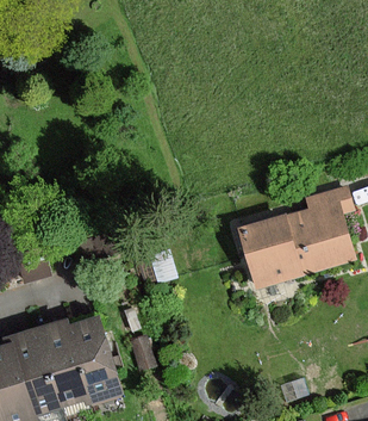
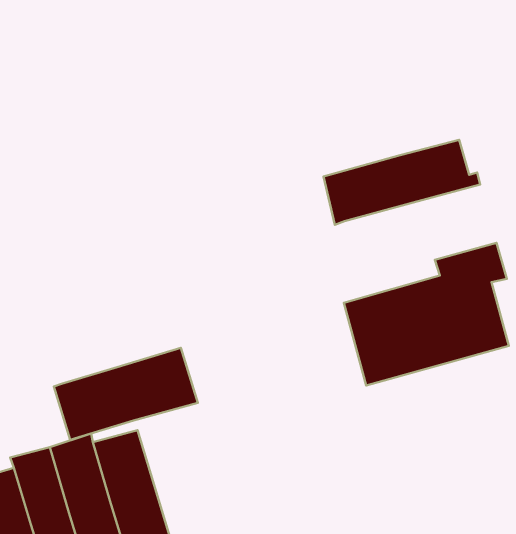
building: none -> [323,140,480,225]
building: none -> [54,348,198,440]

